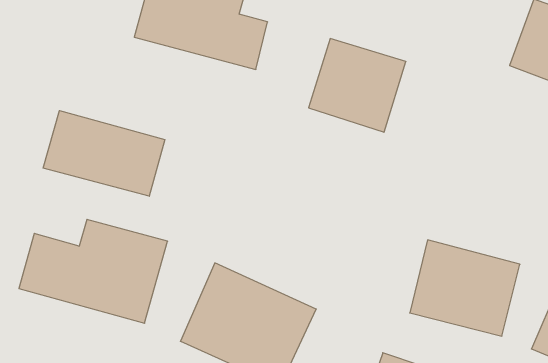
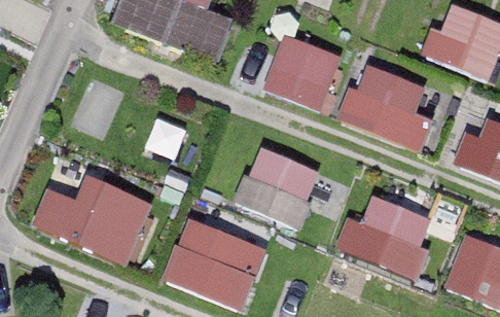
building: none -> [338,62,444,154]
building: [43,111,165,196] -> none
building: none -> [236,148,320,228]

